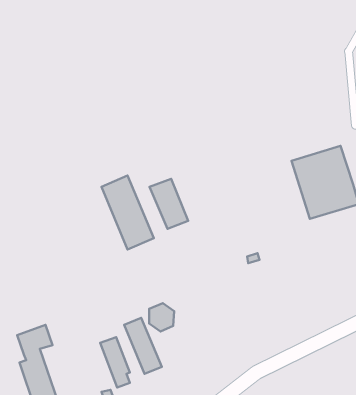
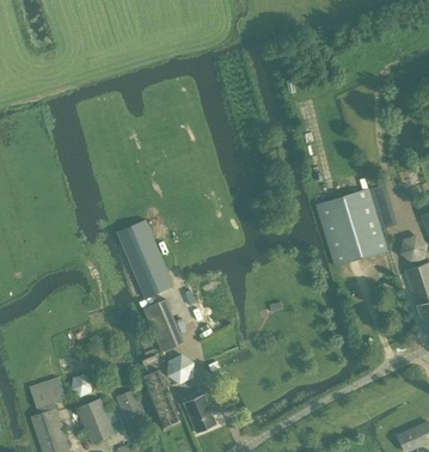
building: [149,179,188,229] -> [145,299,185,352]
building: none -> [183,393,216,433]
building: none -> [76,398,115,445]

